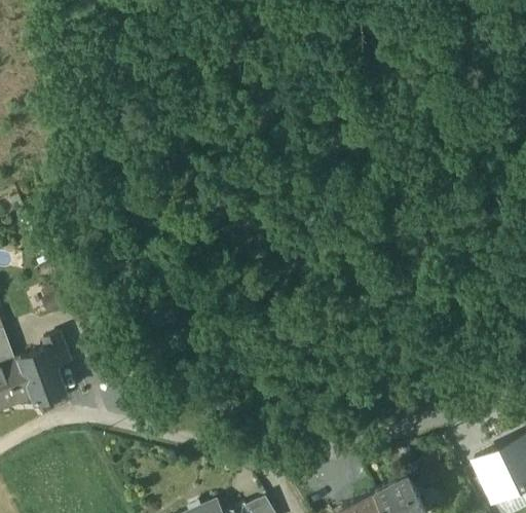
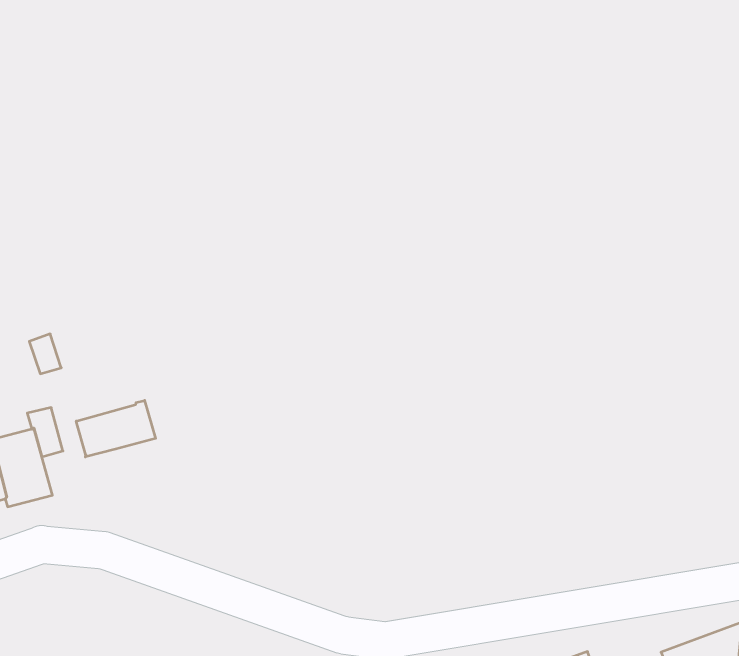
building: none -> [76,400,156,457]

